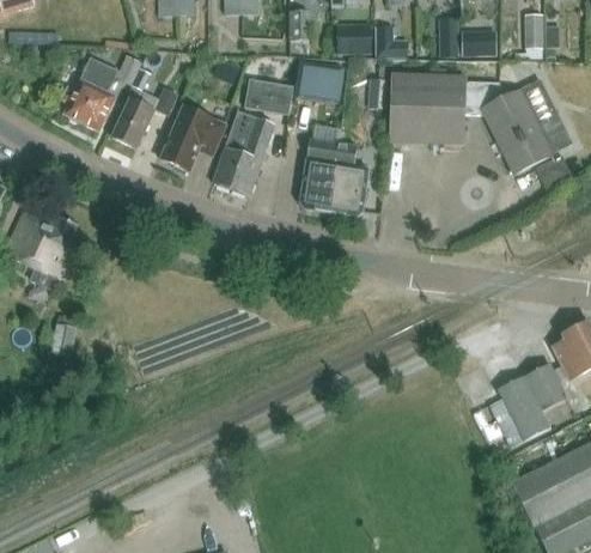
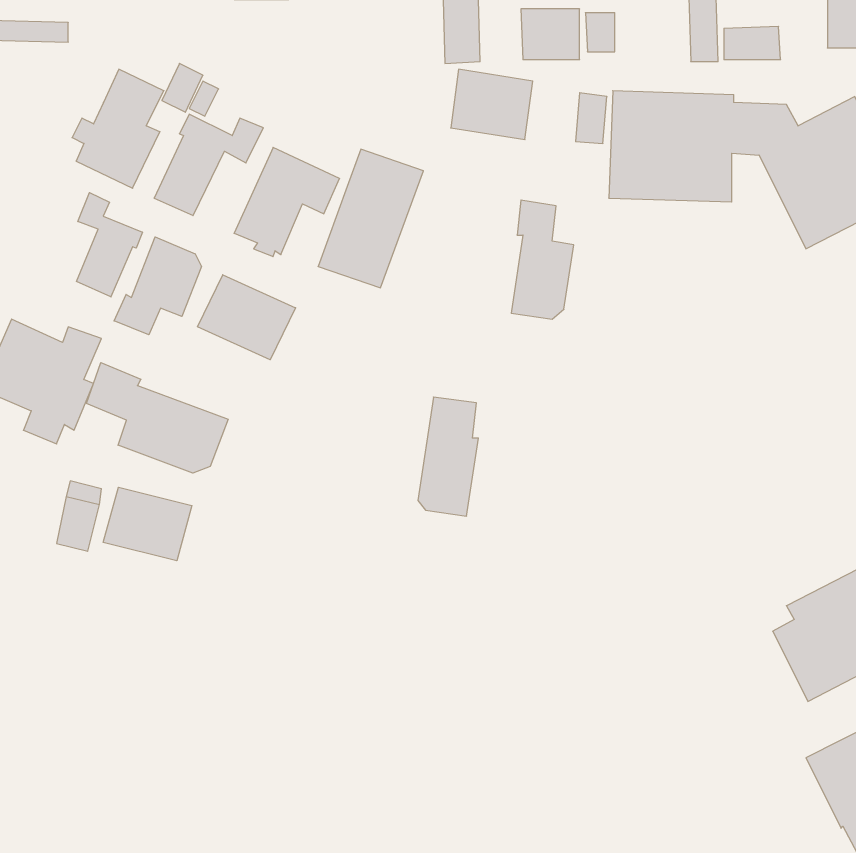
building: [245,77,293,113] -> none
building: none -> [77,193,142,297]
building: [300,136,337,209] -> [418,397,478,516]
building: none -> [114,237,201,335]
building: none -> [197,275,296,360]
building: none -> [87,363,228,473]
building: none -> [103,487,192,561]

